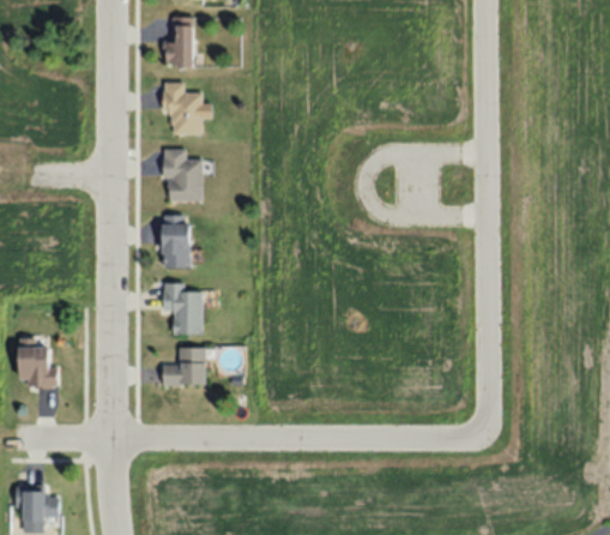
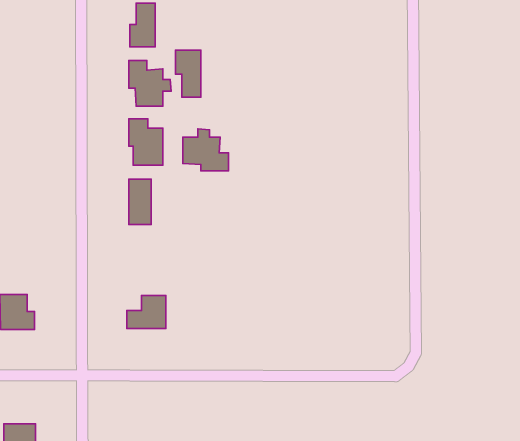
building: none -> [175,50,201,97]
building: none -> [183,129,229,171]
building: [163,283,201,333] -> none

